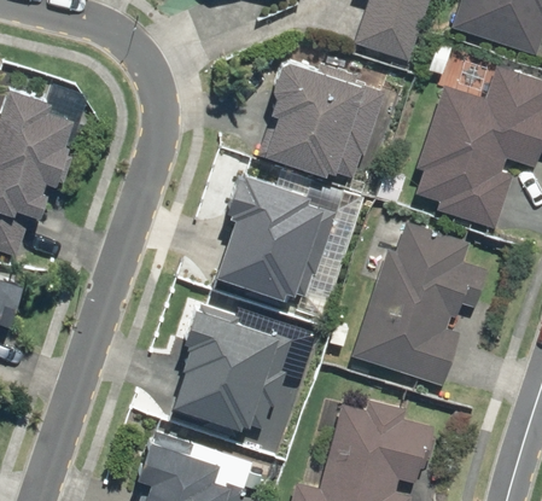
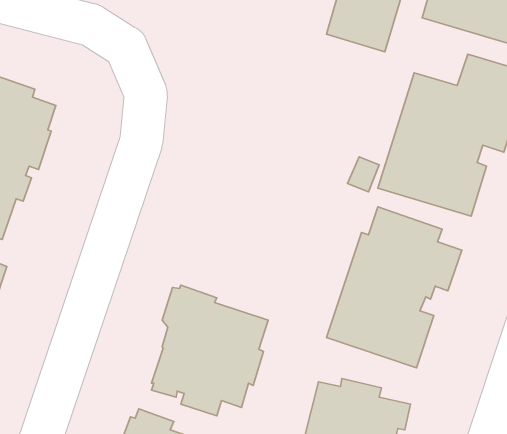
building: [261,60,386,180] -> none
building: [215,174,322,308] -> none

